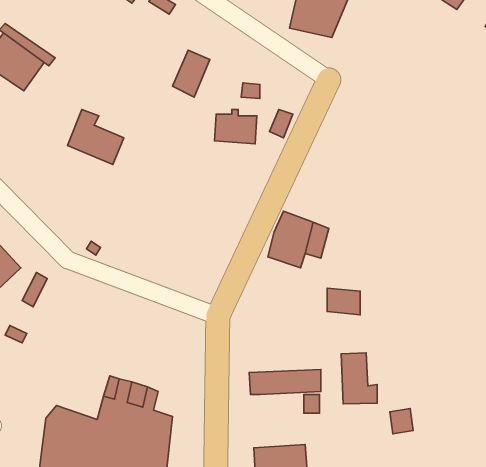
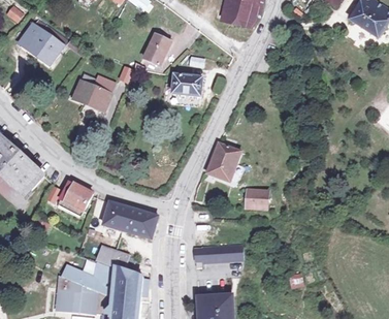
building: none -> [59,181,90,211]
building: none -> [103,201,157,235]
building: [341,353,377,404] -> none

